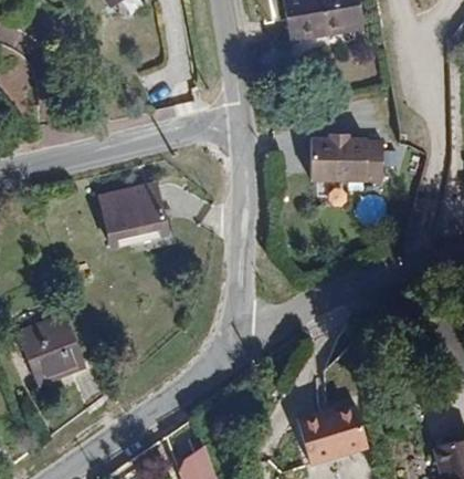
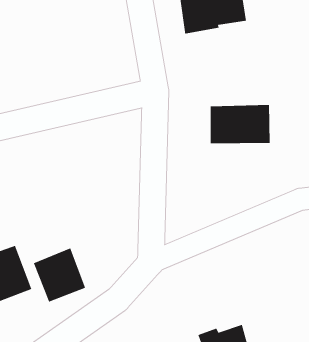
building: [102,181,168,244] -> none
building: none -> [33,247,86,302]

